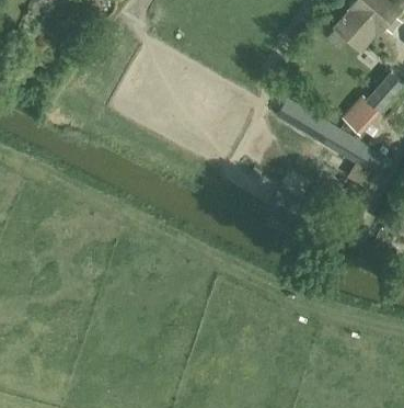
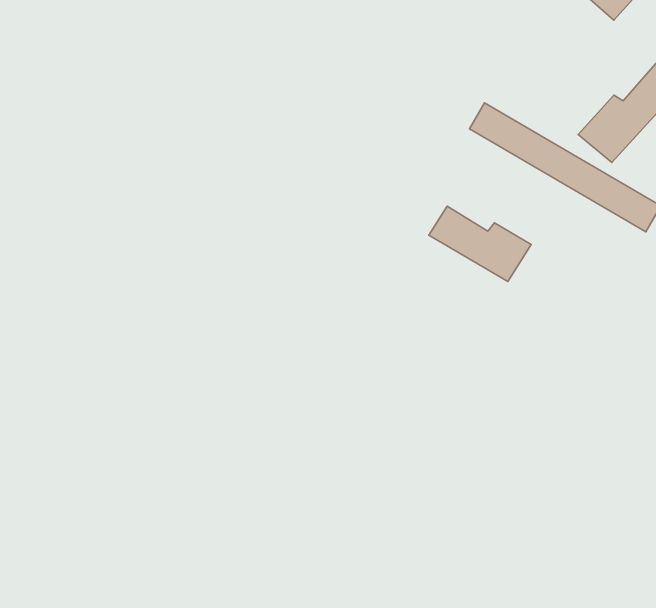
building: none -> [429,206,531,281]

